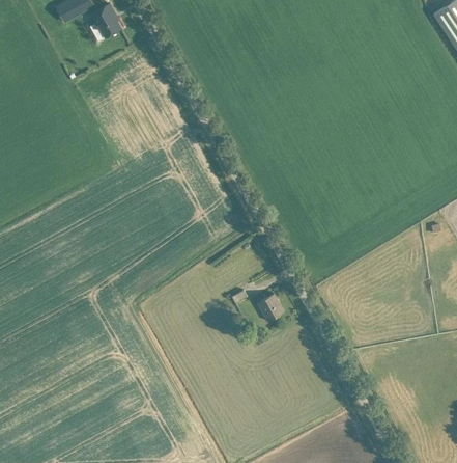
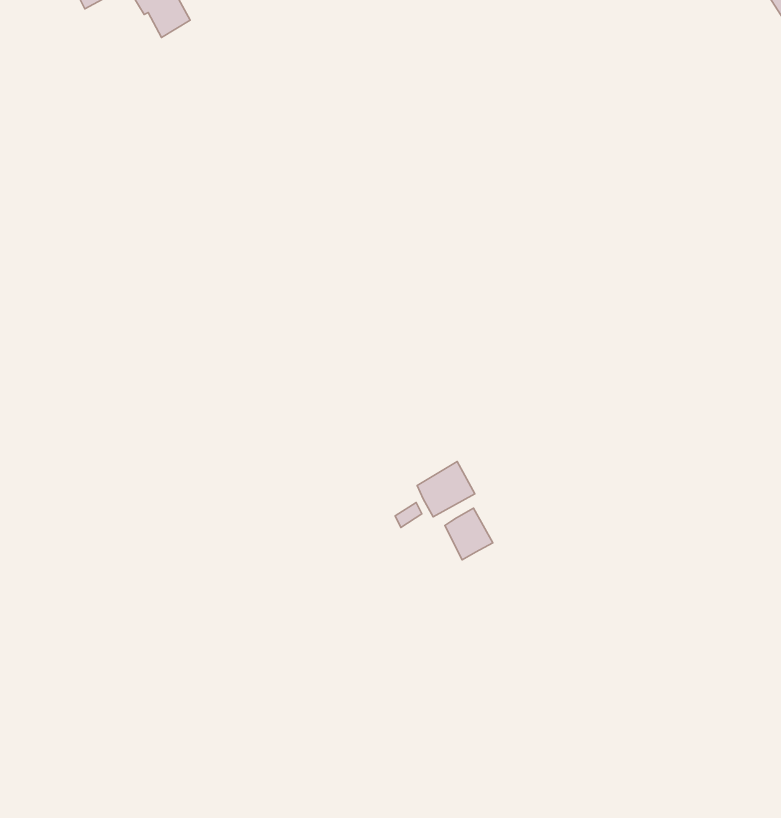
building: none -> [417,461,475,517]

